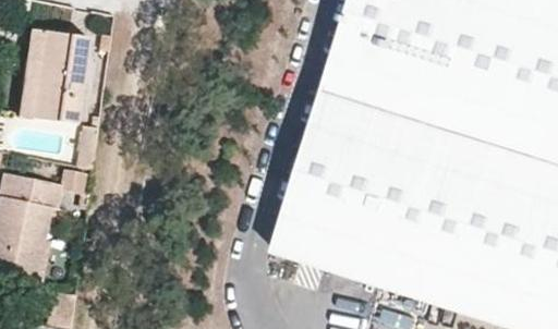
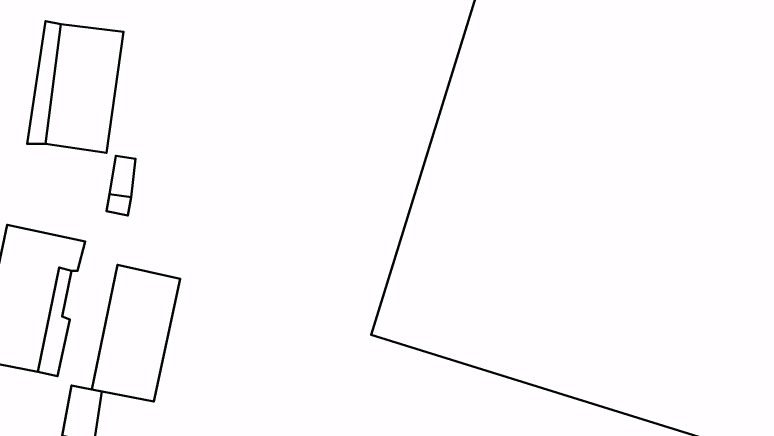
building: none -> [92,265,180,402]

